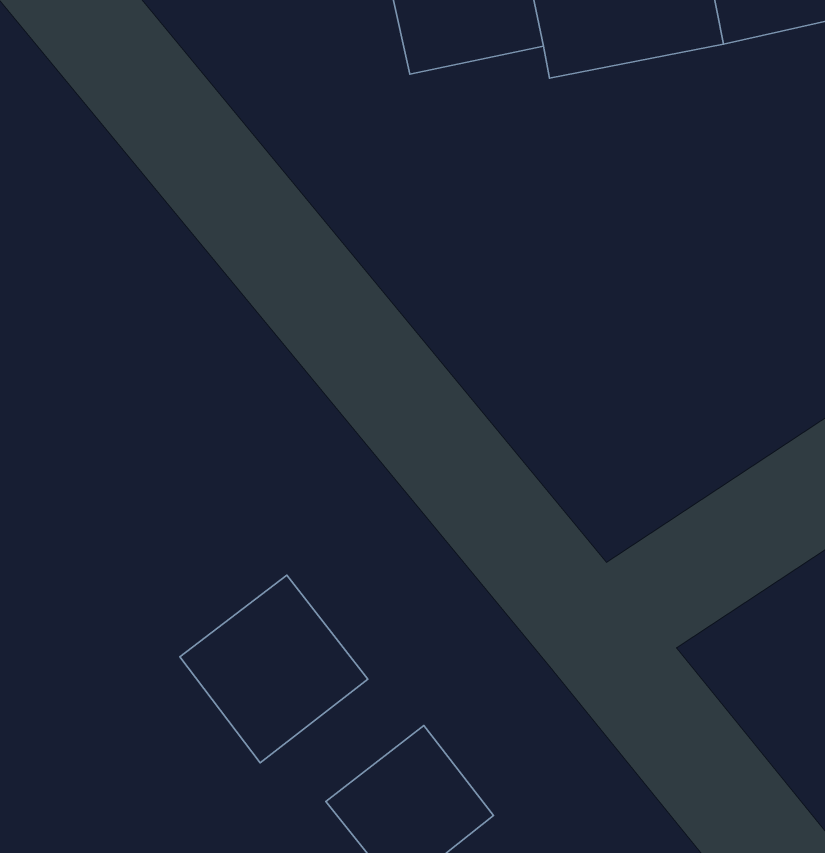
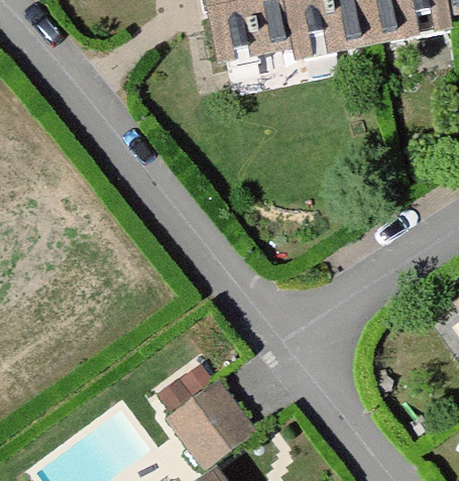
building: [180,575,368,763] -> none

